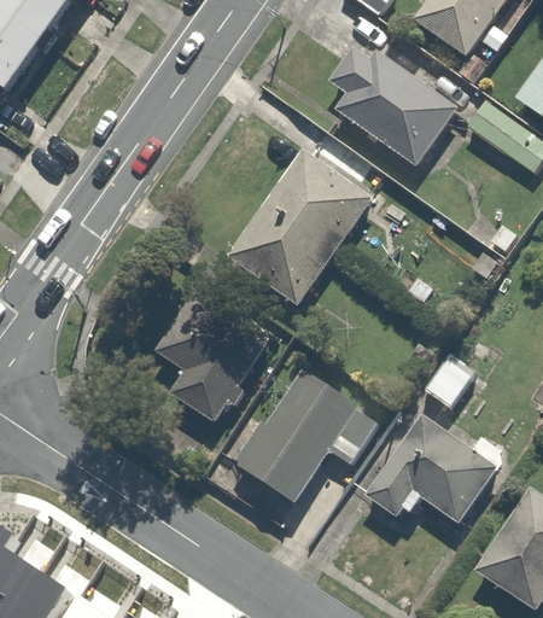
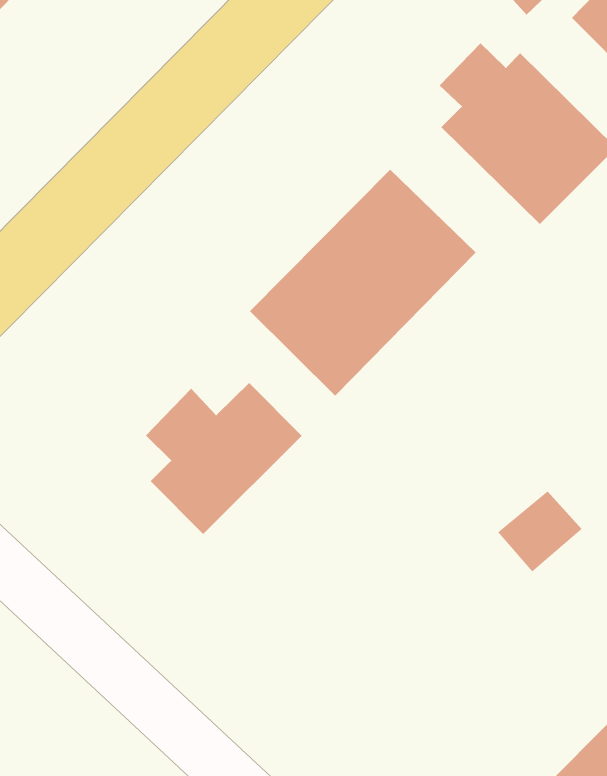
building: [234,365,360,502] -> none
building: [361,413,497,523] -> none

